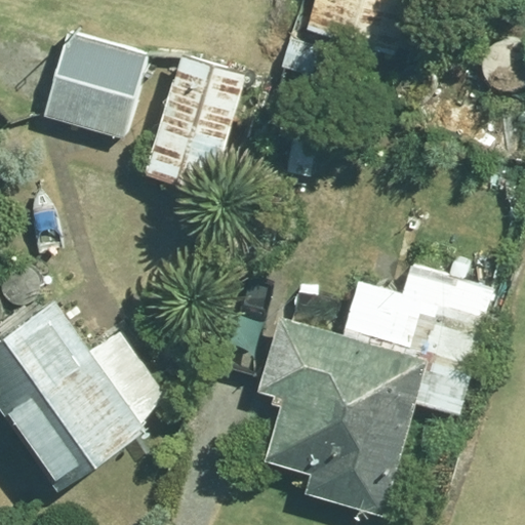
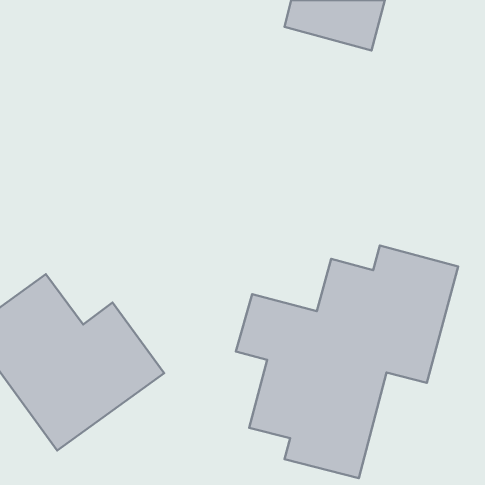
building: [42,33,148,138] -> none
building: [147,51,248,191] -> none

